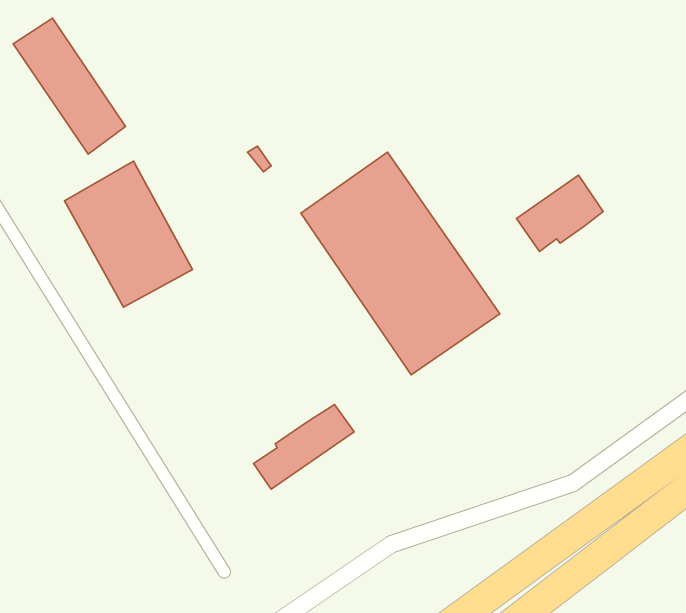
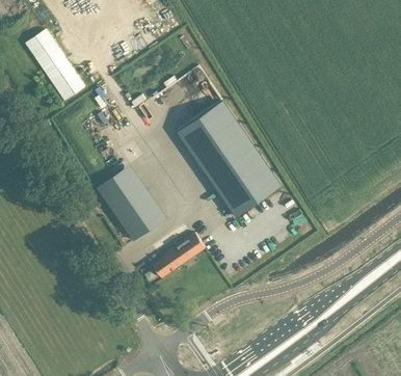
building: [65,161,193,307] -> [101,164,168,241]
building: [517,175,603,251] -> none

